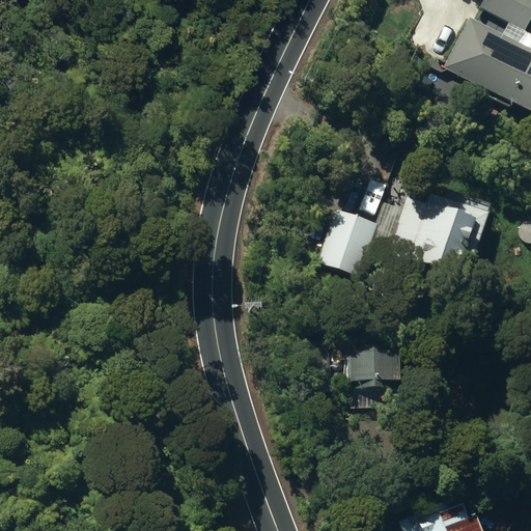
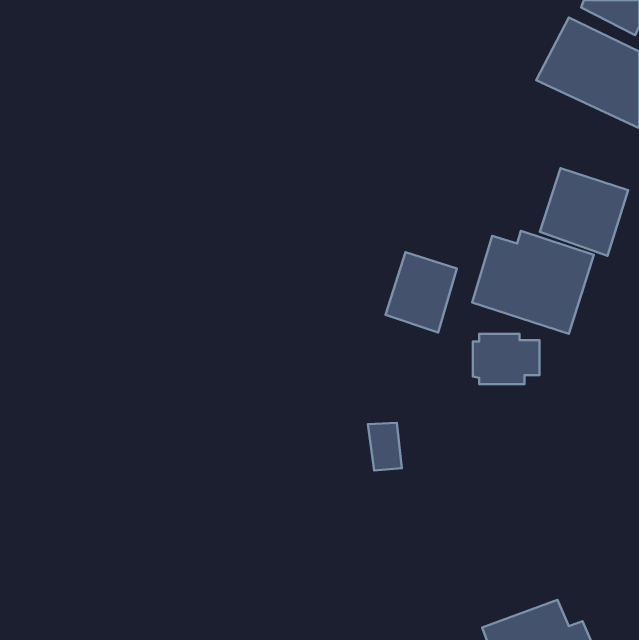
building: none -> [540,168,628,256]
building: [348,345,403,387] -> [473,334,540,384]

